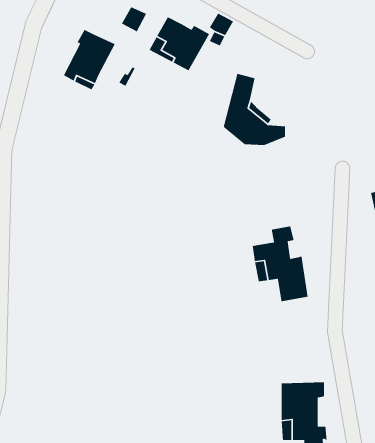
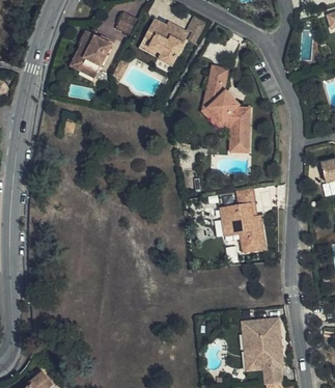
building: none -> [231,117,250,150]

